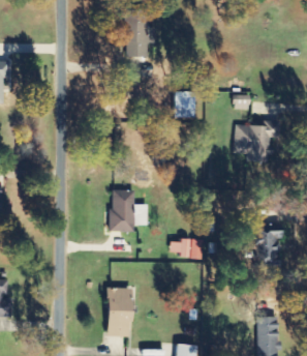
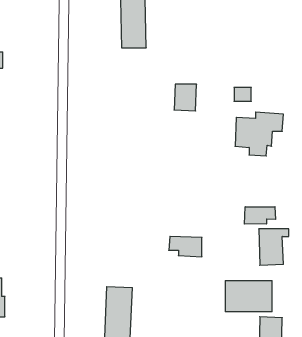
building: [111,190,148,232] -> none
building: none -> [245,207,276,224]
building: none -> [225,281,272,312]

